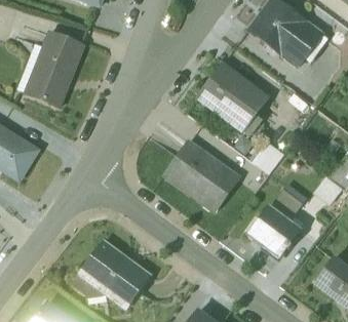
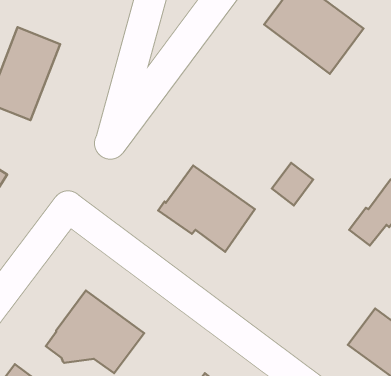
building: [194,61,270,136] -> none
building: [245,184,306,260] -> none

